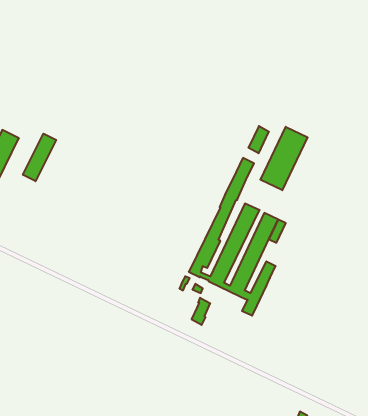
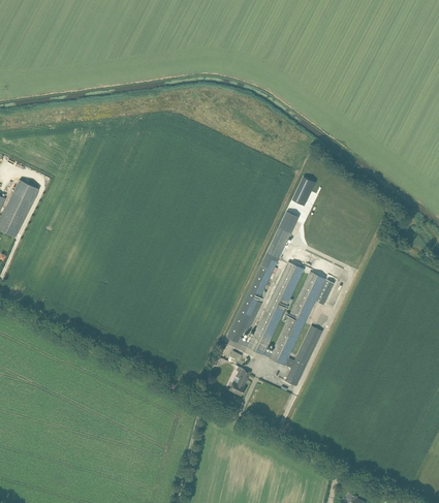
building: [260,127,308,190] -> none
building: [23,134,56,181] -> none

